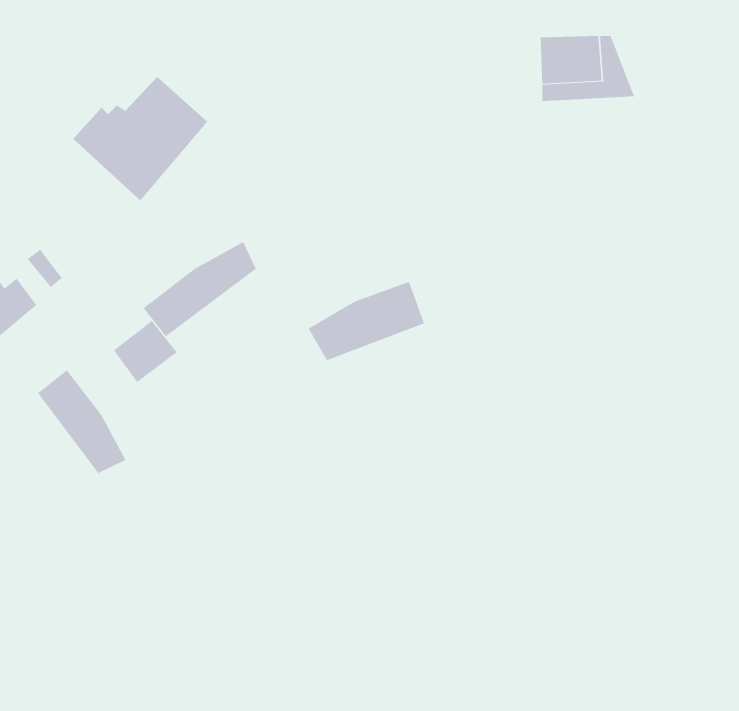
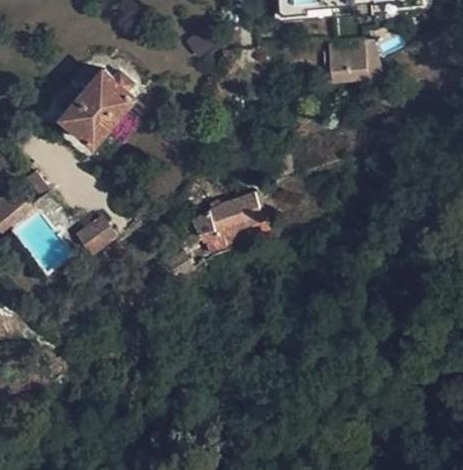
building: [143,241,256,337] -> none
building: [37,369,126,474] -> none

